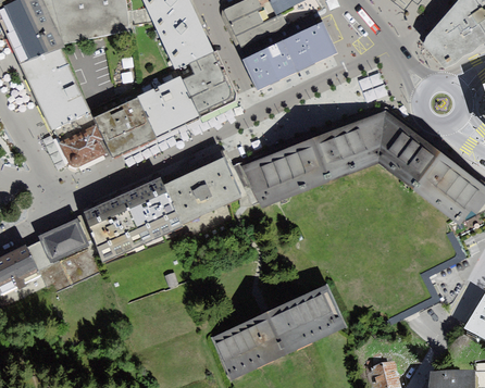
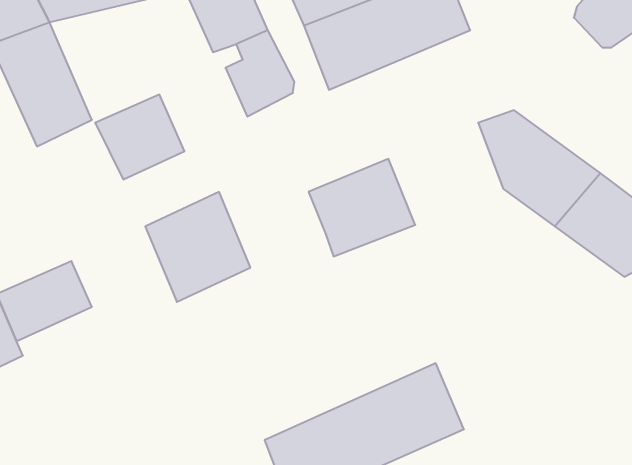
building: [137,76,196,136] -> none
building: [296,116,375,187] -> none
building: [58,124,105,165] -> none
building: [178,145,252,216] -> none
building: [76,188,149,263] -> none

